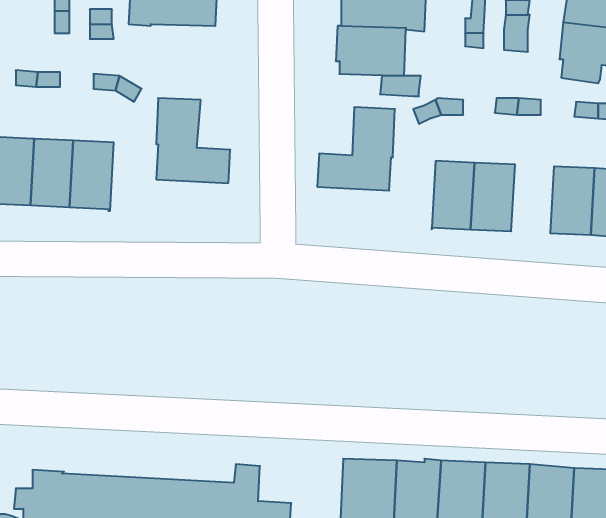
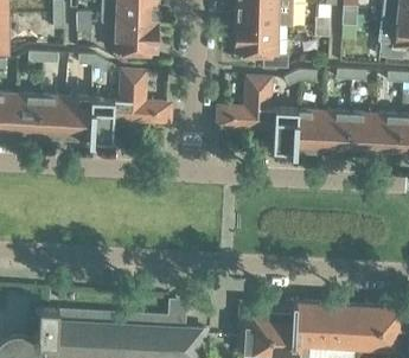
building: none -> [115,23,159,55]
building: none -> [89,98,120,142]
building: none -> [268,108,298,154]
building: none -> [346,113,373,156]

